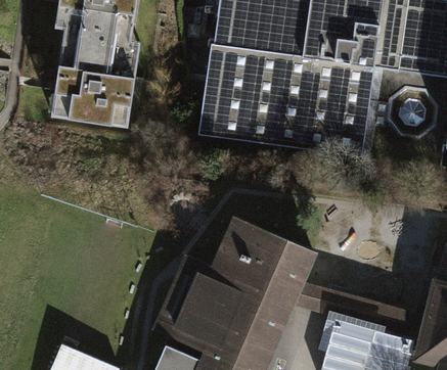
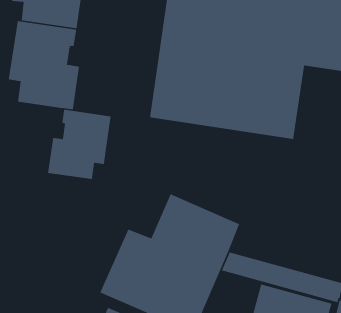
building: none -> [47,109,112,180]

